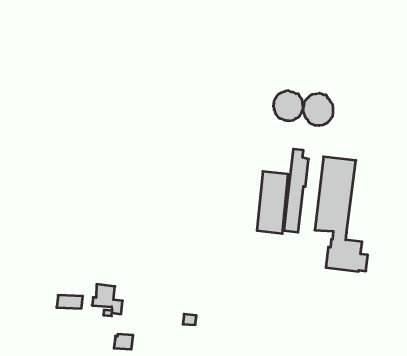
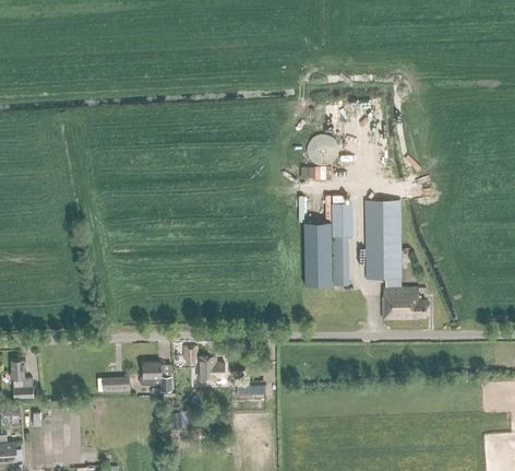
building: [303,93,333,126] -> none
building: none -> [182,348,224,379]

